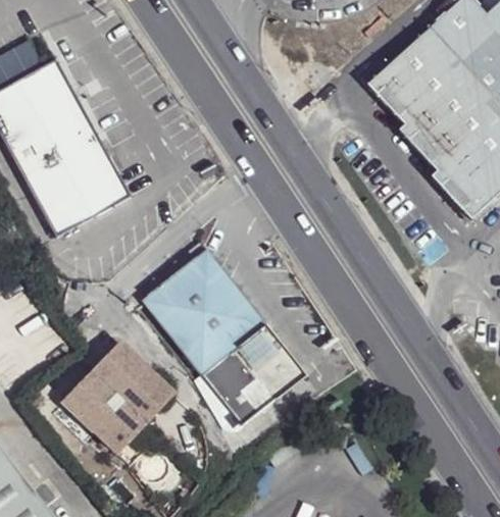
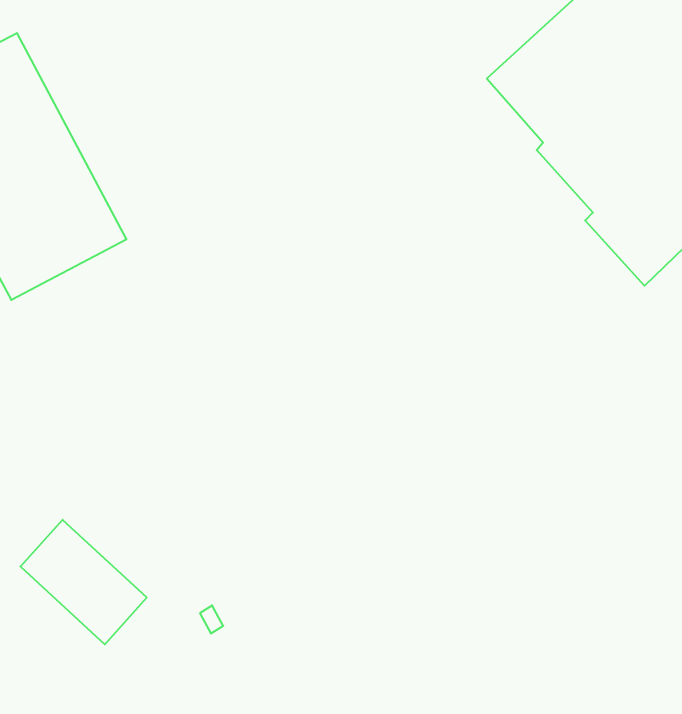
building: [140,241,305,431] -> none
building: [90,344,171,423] -> none

